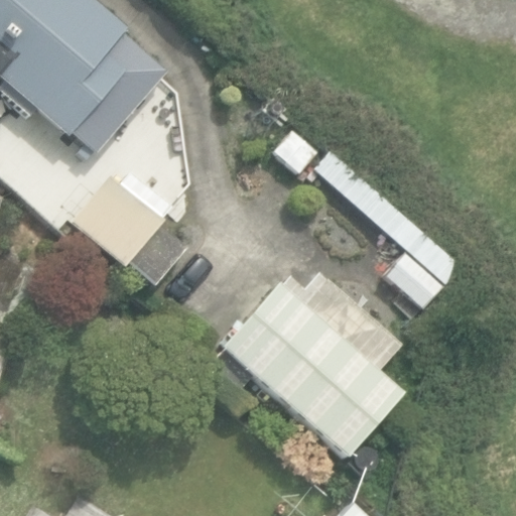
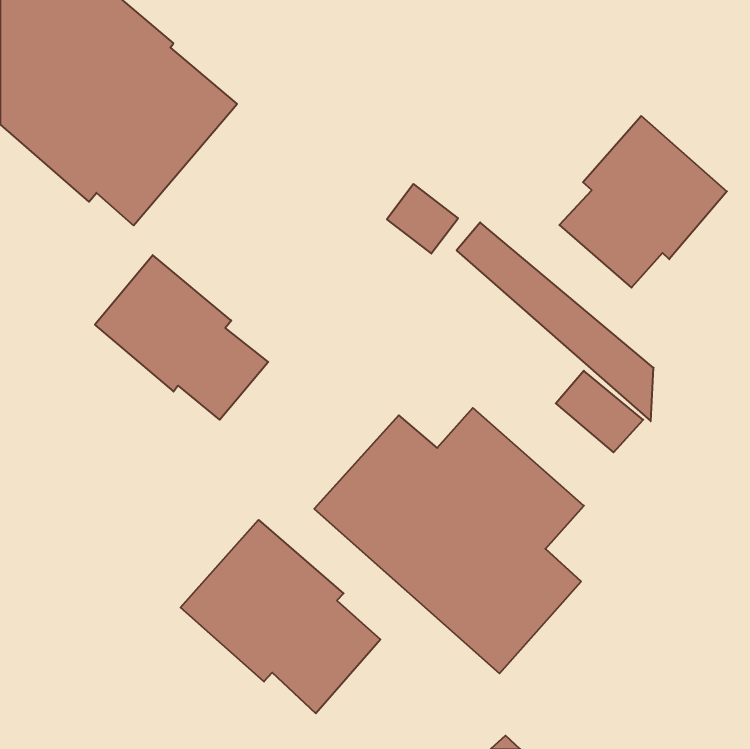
building: none -> [559,116,727,288]
building: none -> [181,520,380,713]

